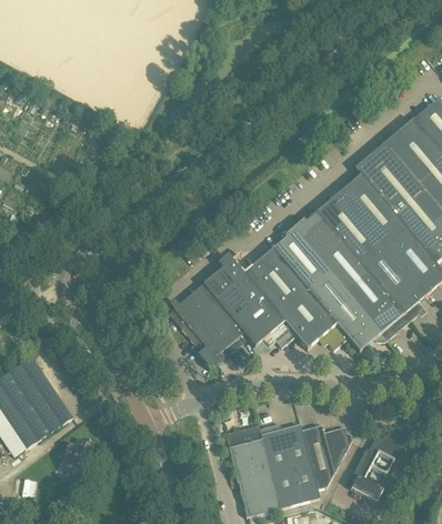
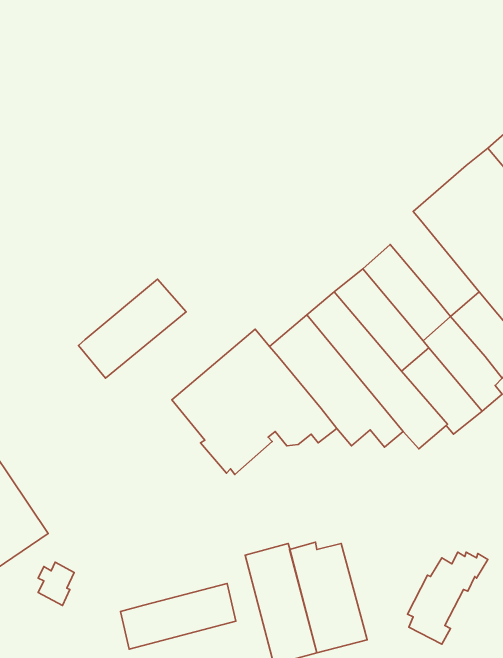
building: [338,173,406,248] -> none
building: none -> [78,279,186,378]
building: [300,423,353,488] -> none
building: none -> [121,583,236,649]

